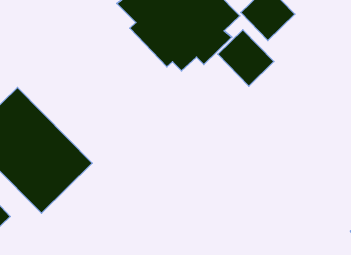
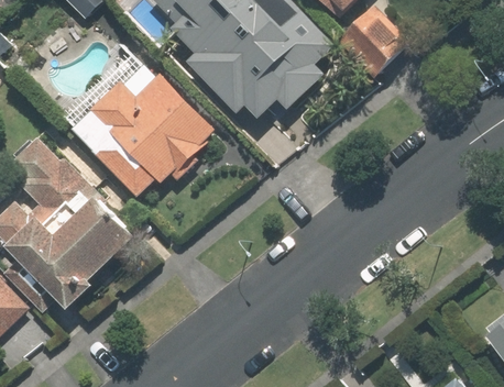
building: [218,30,274,86] -> none
building: none -> [72,73,217,197]

